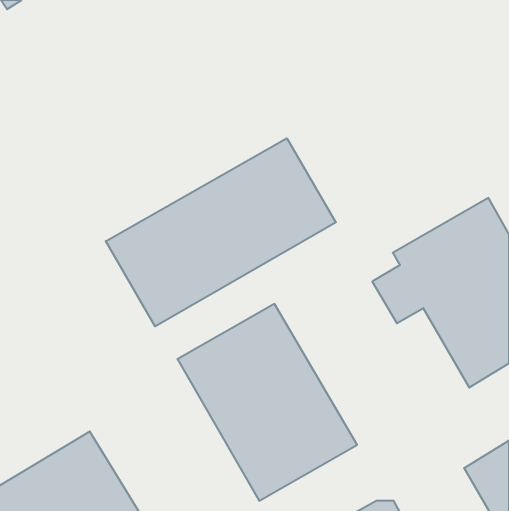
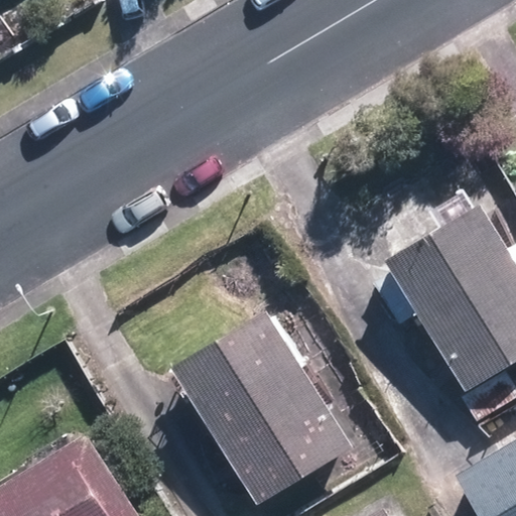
building: [106,138,336,326] -> none

